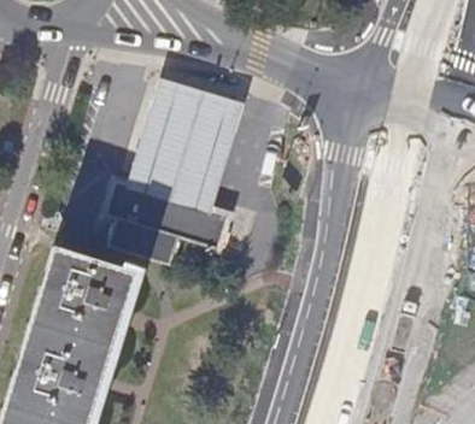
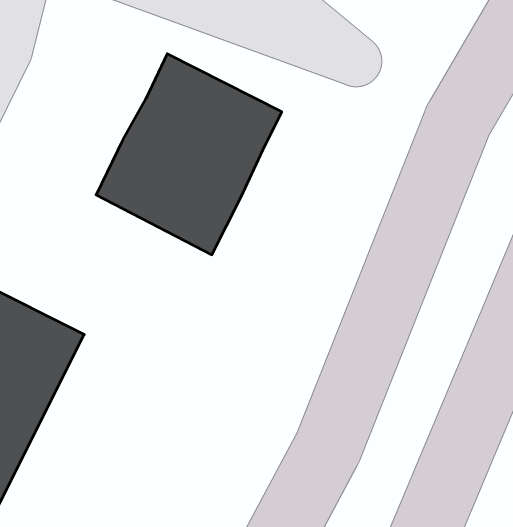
building: [99,175,231,265] -> none

